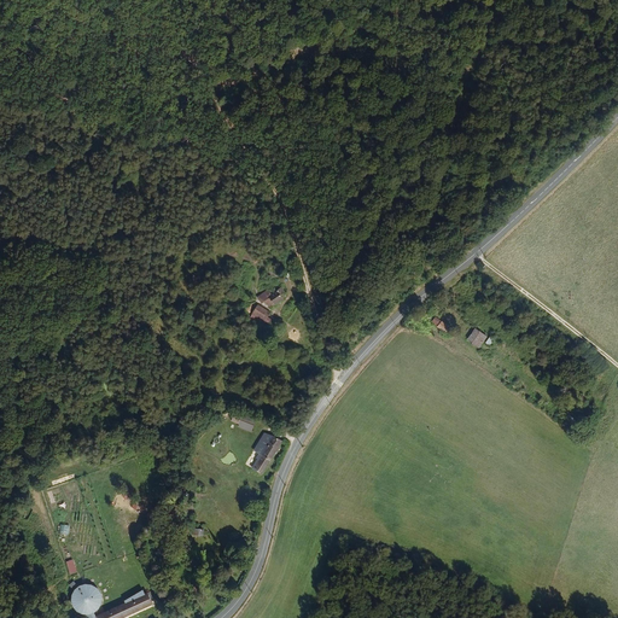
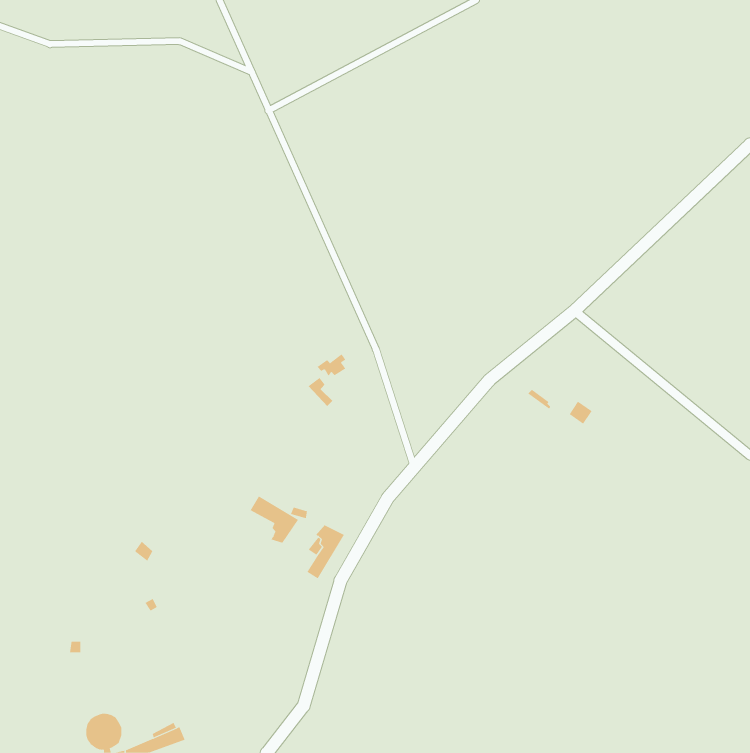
building: none -> [250,495,299,544]

